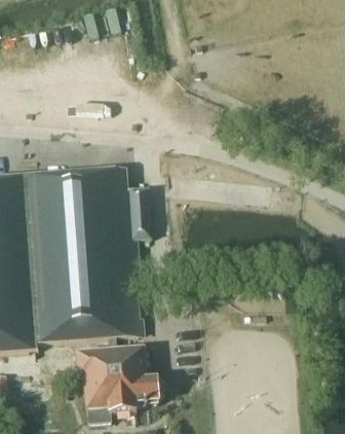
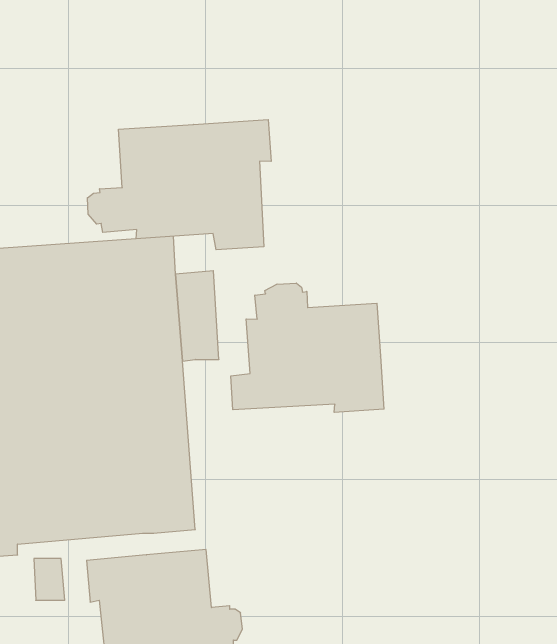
building: none -> [87,120,271,250]
building: none -> [231,283,384,412]

